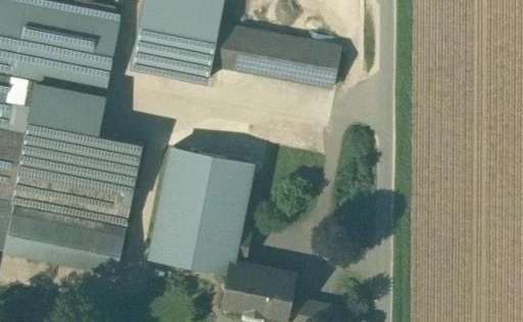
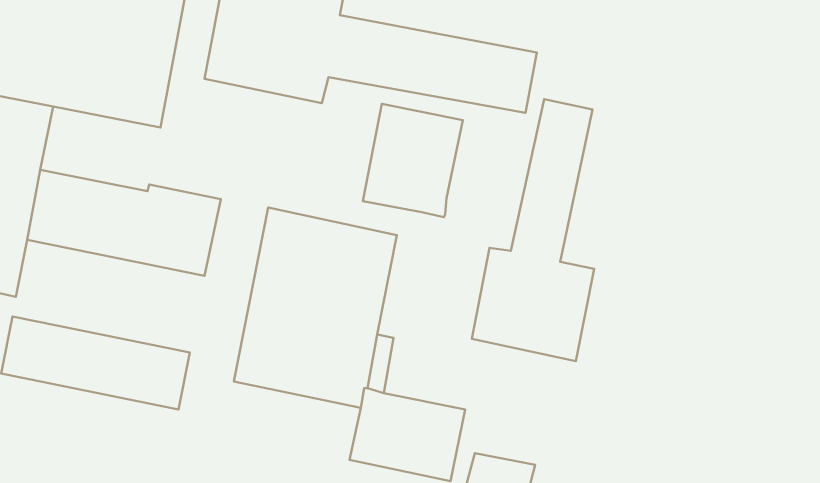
building: none -> [472,99,594,361]
building: none -> [363,104,463,217]
building: [29,83,104,136] -> none
building: [11,167,132,237] -> none

